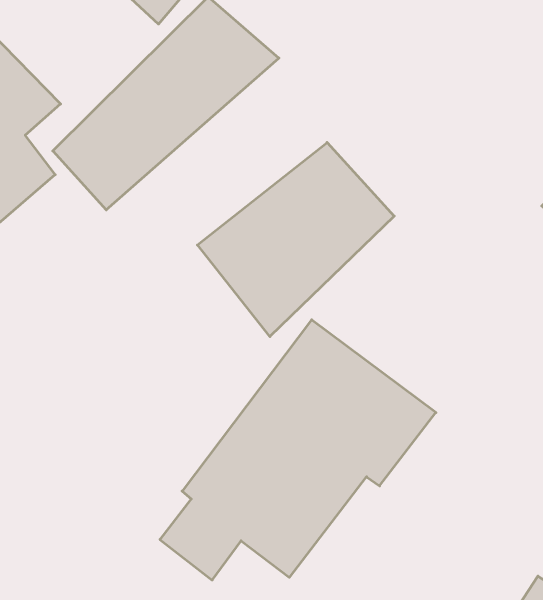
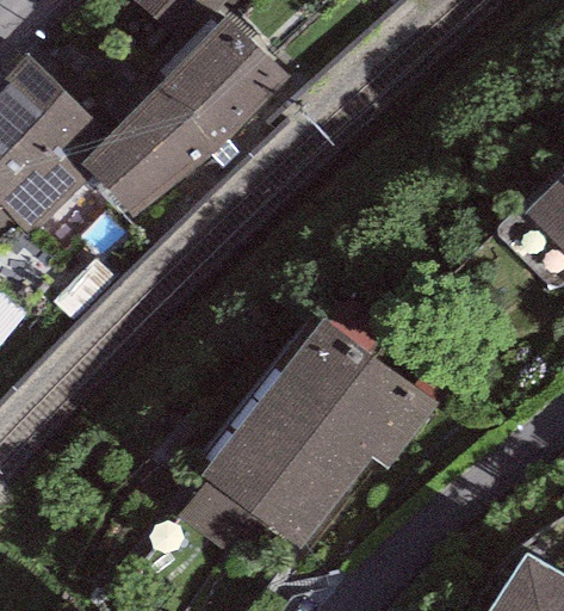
building: [197,142,394,337] -> none

